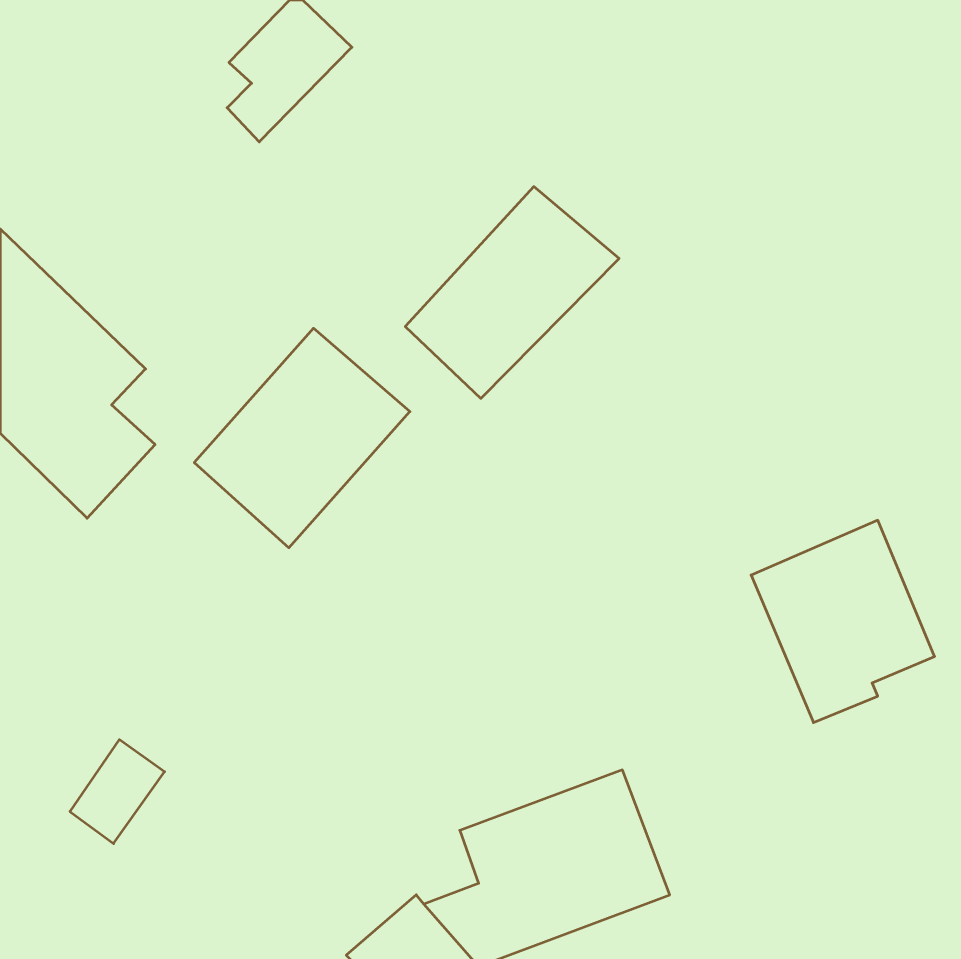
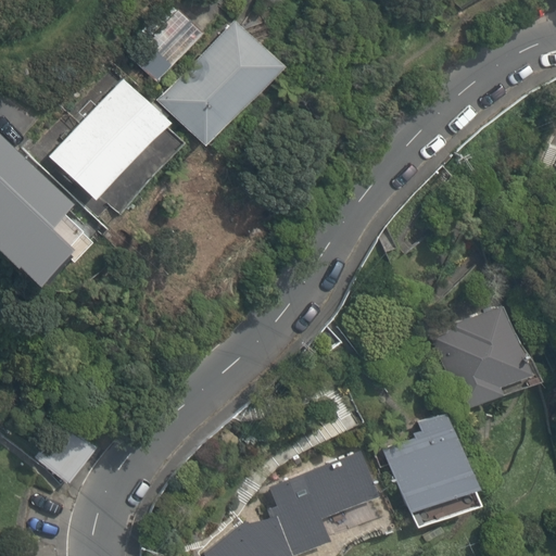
building: [405,187,619,398] -> [157,22,280,143]
building: [194,328,410,548] -> [52,86,176,212]
building: none -> [380,407,469,508]

